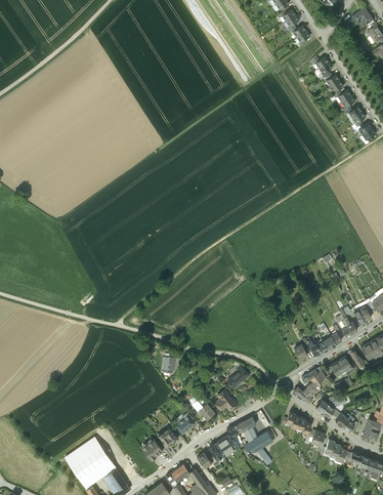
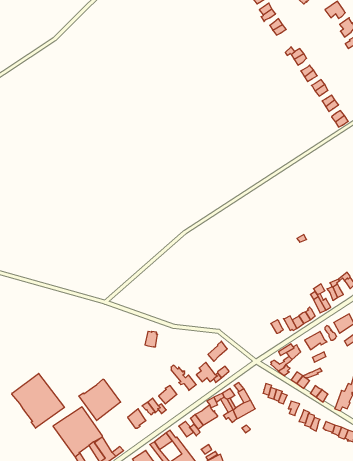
building: none -> [12,373,64,428]
building: none -> [79,379,121,421]

